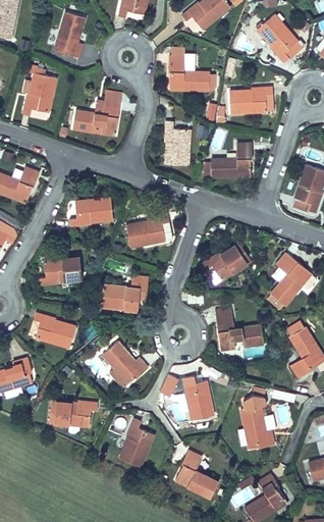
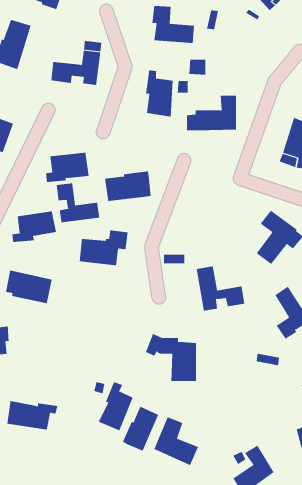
building: [232,84,275,114] -> none
building: none -> [56,183,100,223]
building: [201,241,250,281] -> none
building: [102,338,149,381] -> none
building: [48,400,98,428] -> [7,401,58,430]
building: [240,407,273,451] -> none
building: none -> [122,406,159,451]

